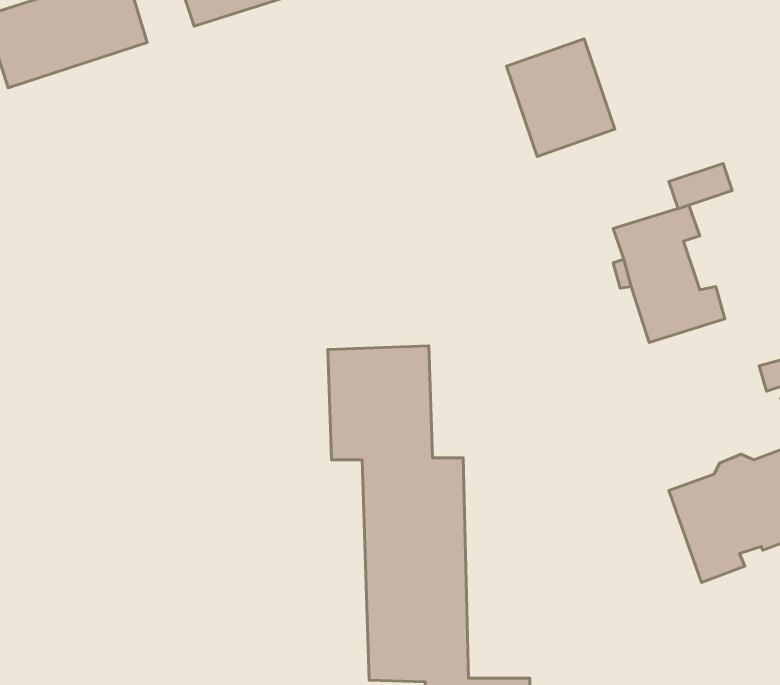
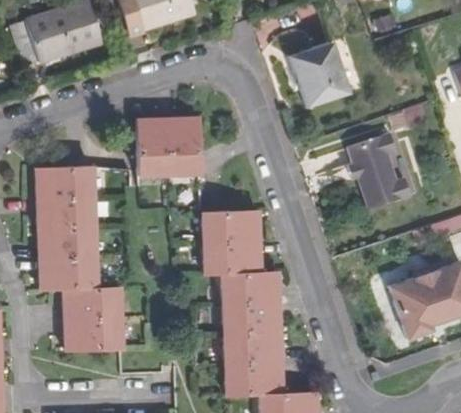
building: none -> [138,118,201,176]
building: none -> [36,165,122,349]

